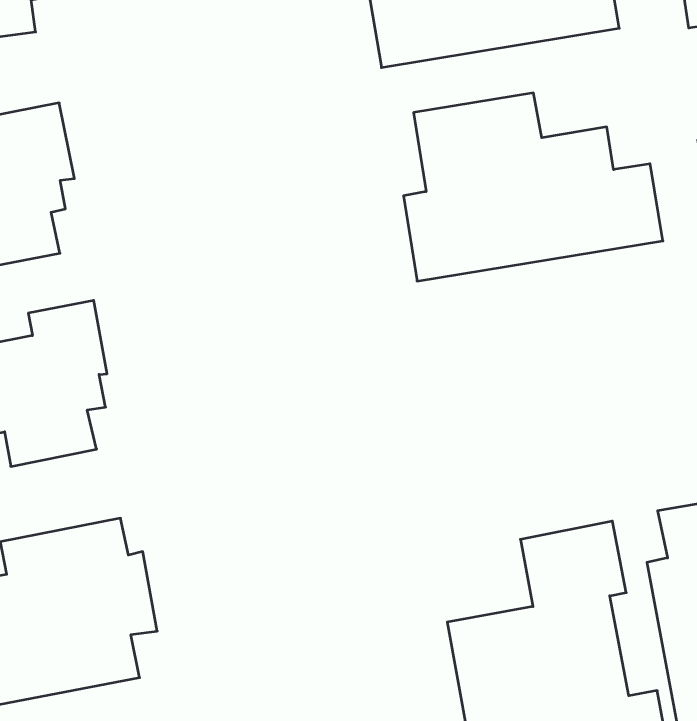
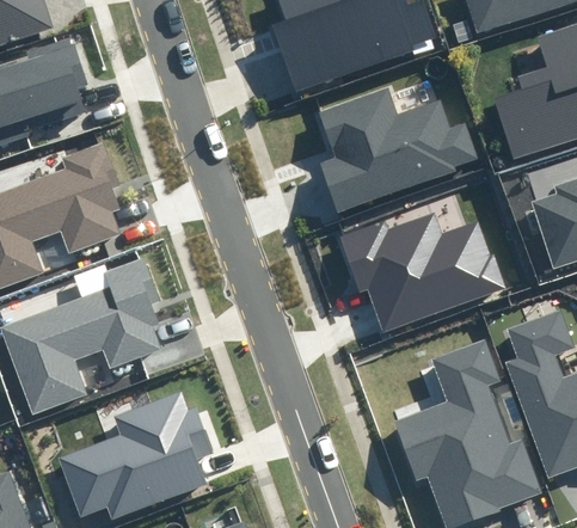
building: none -> [340,216,507,333]

